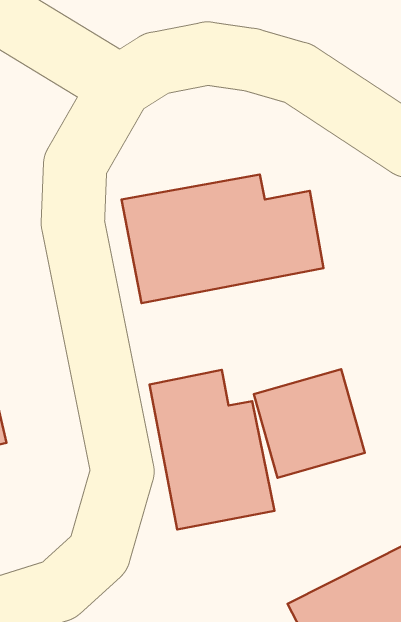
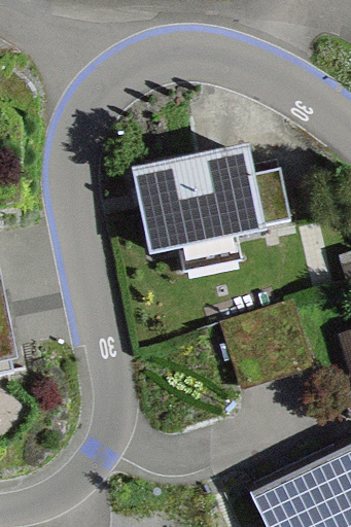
building: [149,370,275,530] -> none

